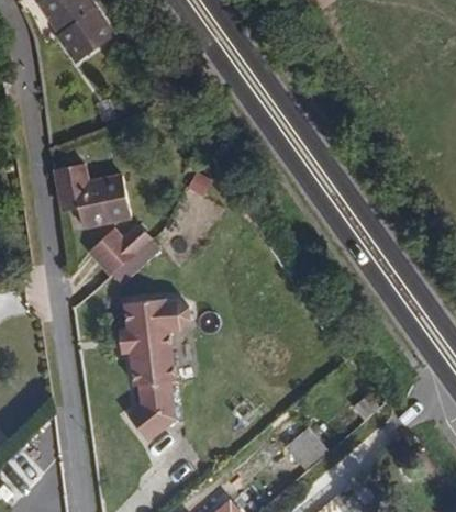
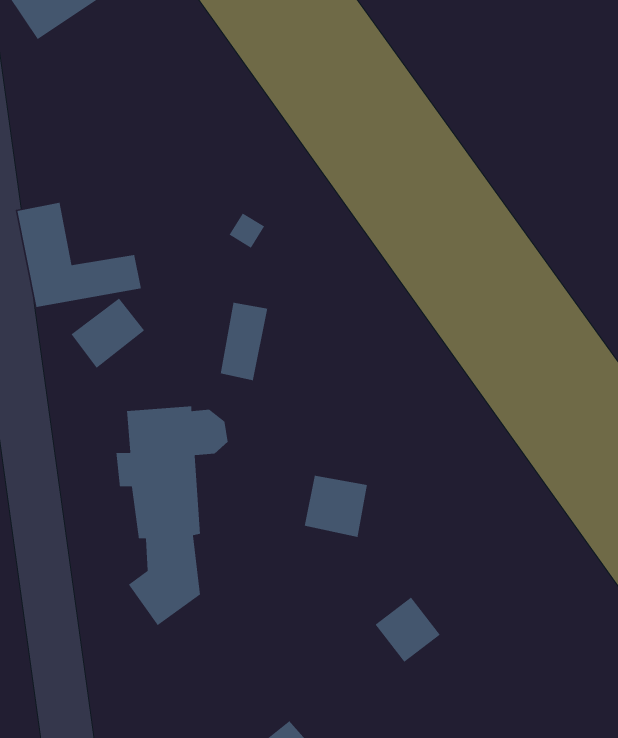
building: none -> [220,302,268,381]
building: none -> [304,475,368,538]

